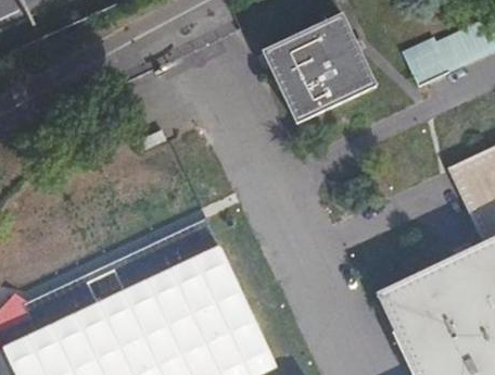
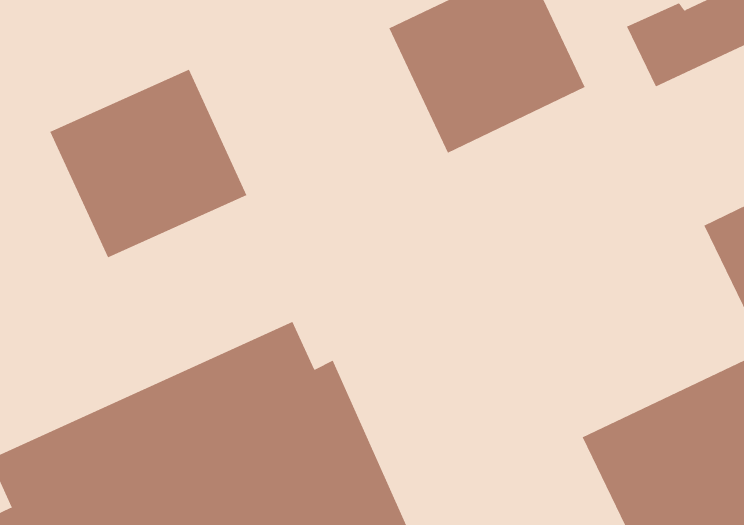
building: none -> [50,69,247,258]

